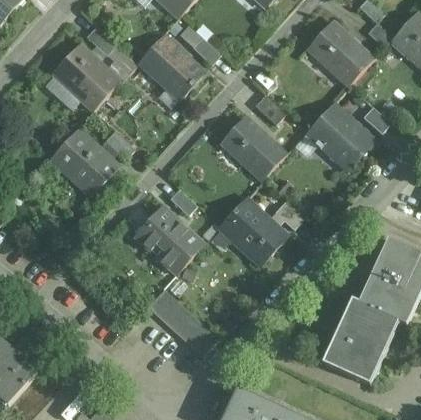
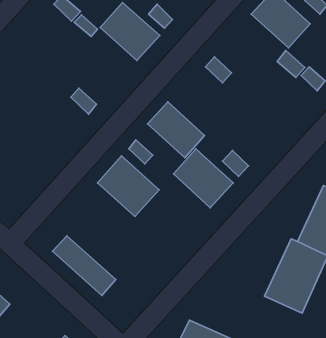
building: [52,44,120,111] -> none
building: [306,103,374,171] -> none
building: [221,117,285,180] -> [147,102,205,158]
building: [50,129,119,196] -> none
building: [147,290,218,357] -> [53,236,116,296]

